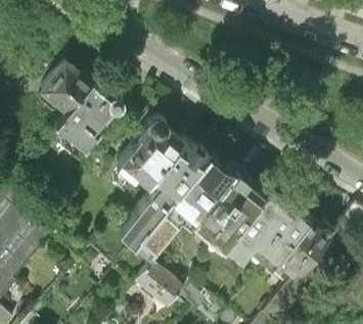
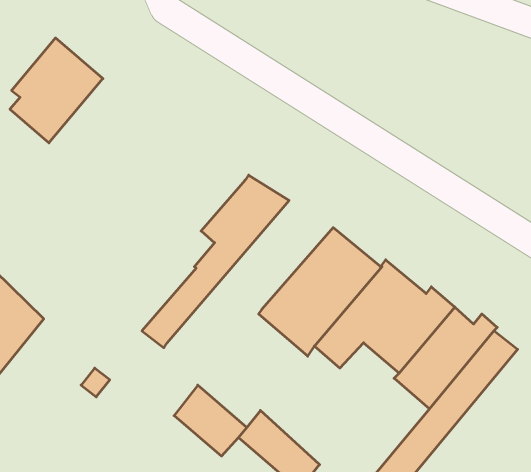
building: [55,80,127,156] -> none
building: [116,114,179,182] -> none
building: [132,153,232,251] -> none

